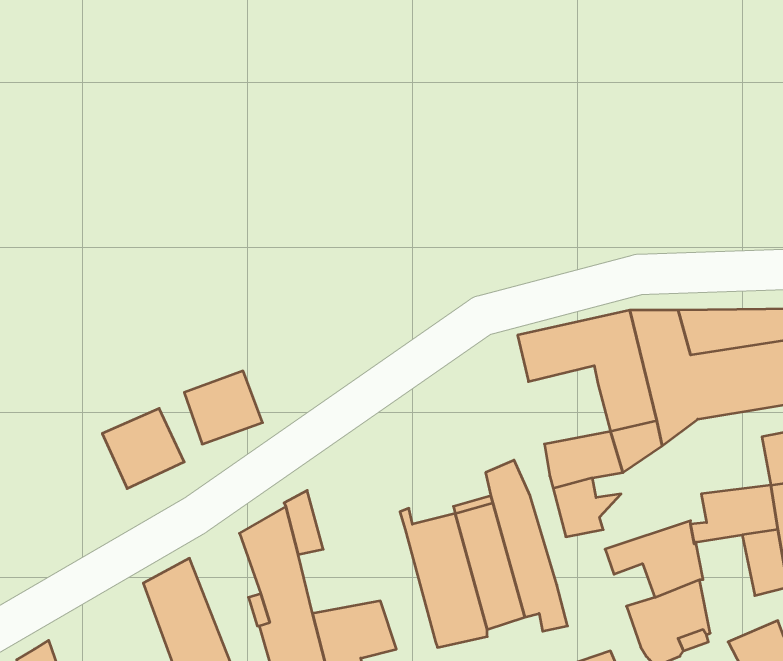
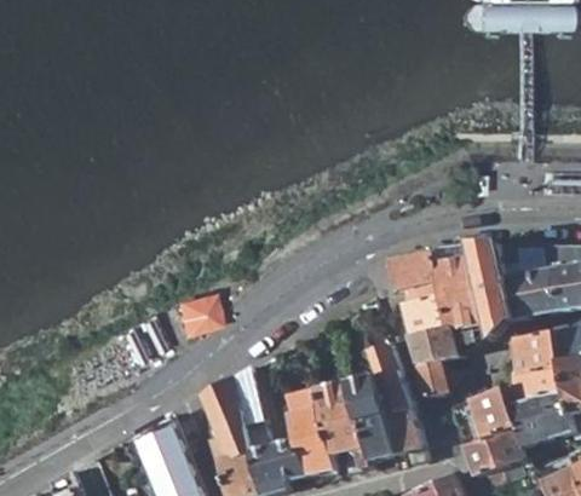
building: none -> [402,295,454,336]
building: none -> [512,331,563,370]
building: none -> [284,394,335,475]
building: none -> [512,398,552,448]

